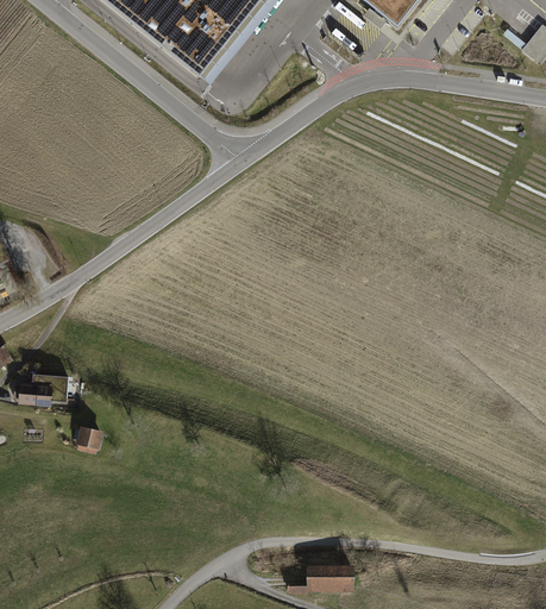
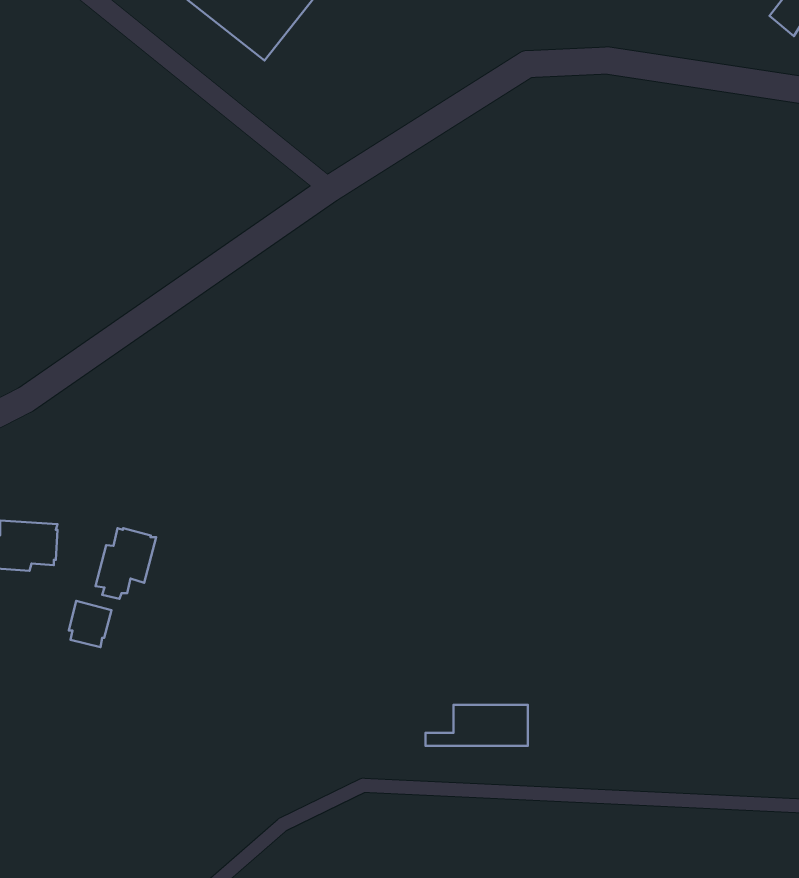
building: none -> [96,528,156,599]
building: [288,564,353,590] -> [425,705,528,746]

